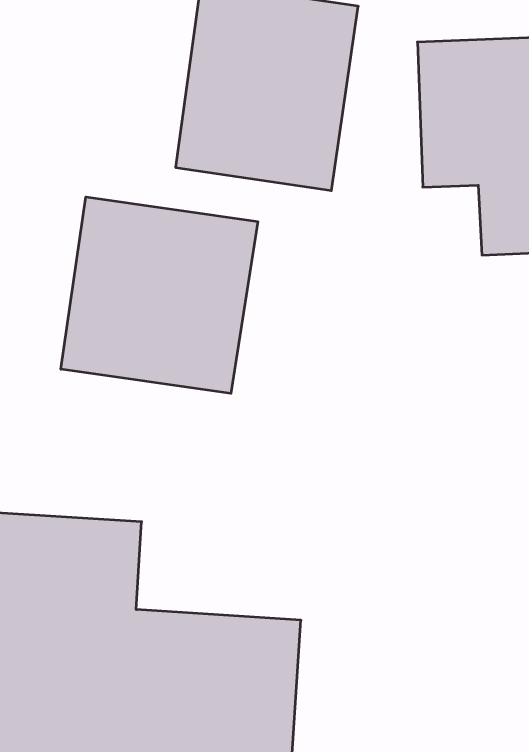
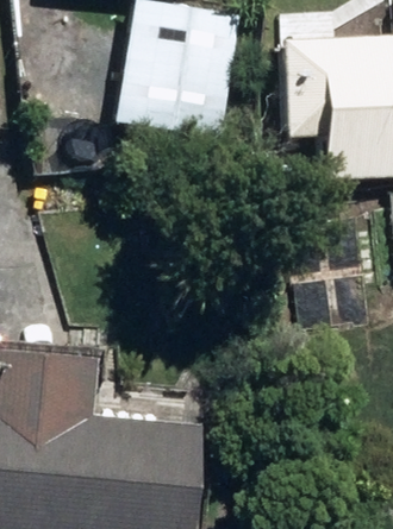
building: [61,197,258,393] -> none

